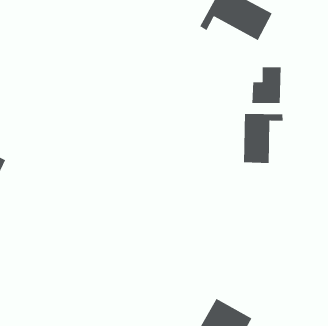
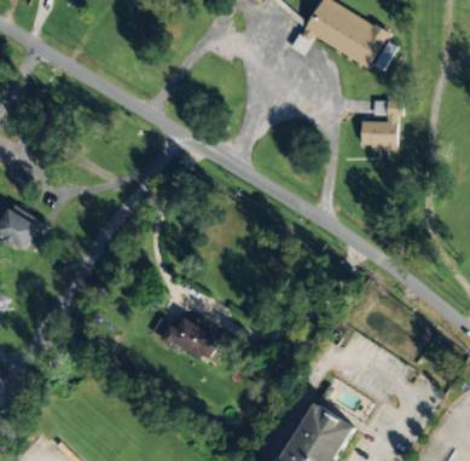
building: [243,113,284,164] -> none
building: none -> [162,312,220,365]

